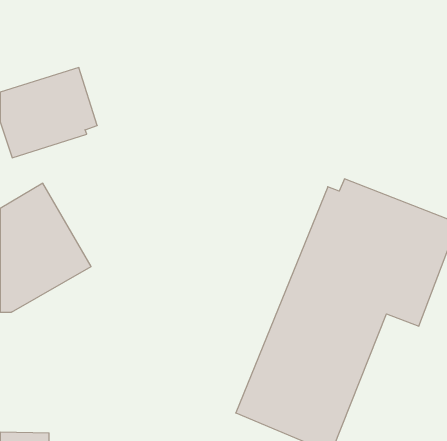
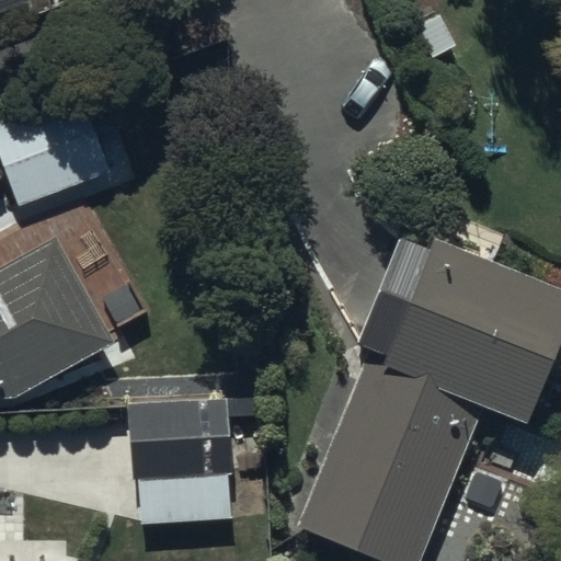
building: none -> [128,404,232,526]

